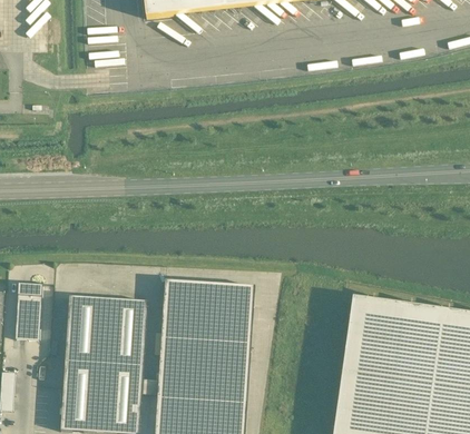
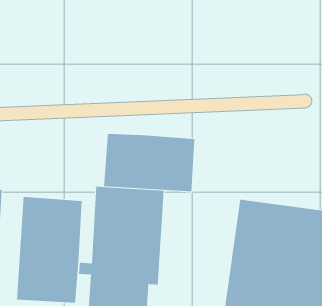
building: none -> [104,133,195,192]

